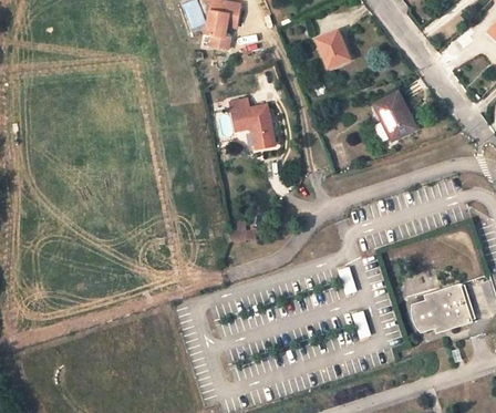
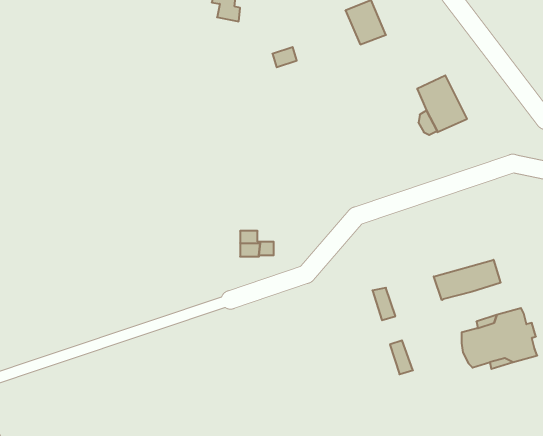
building: [230,100,273,148] -> none
building: none -> [434,260,501,300]

